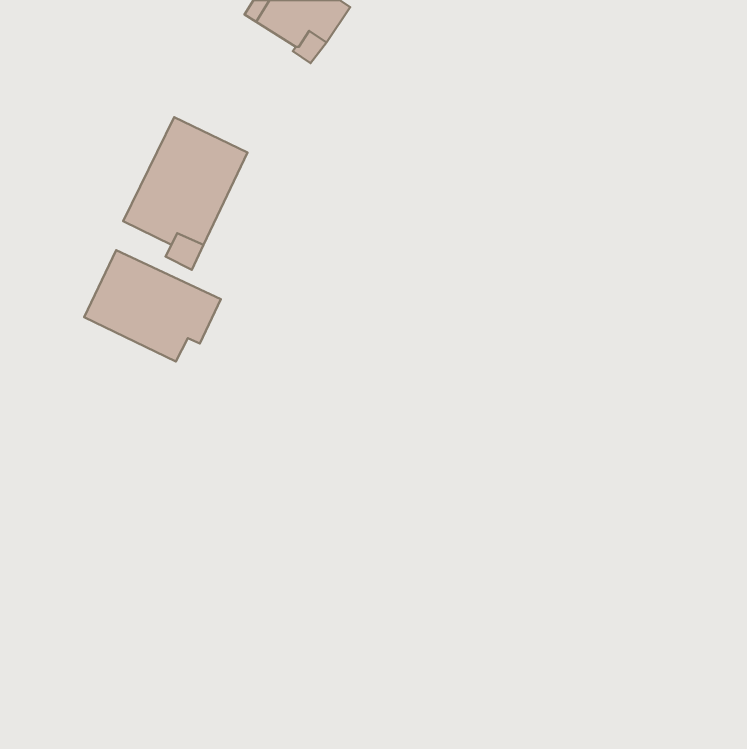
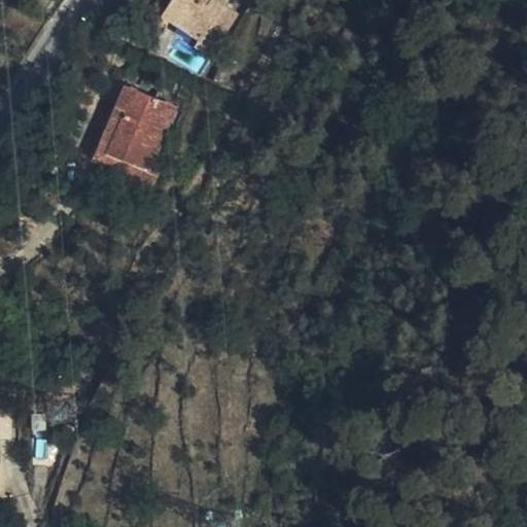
building: [84,250,221,361] -> none

